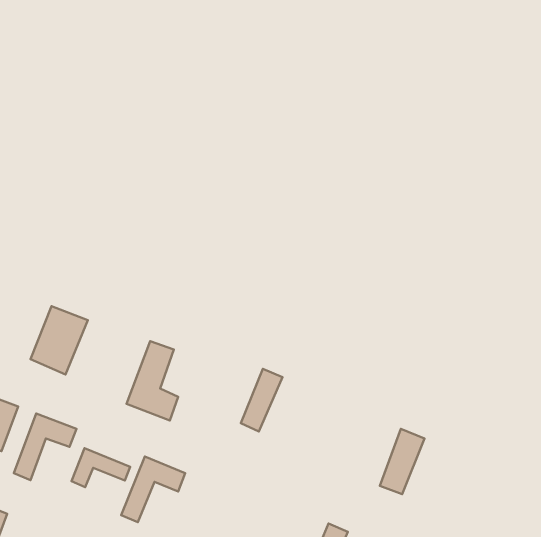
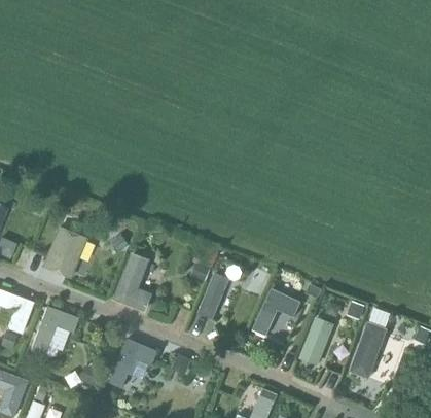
building: none -> [252,287,300,336]
building: none -> [350,323,386,378]
building: [71,448,130,487] -> none

